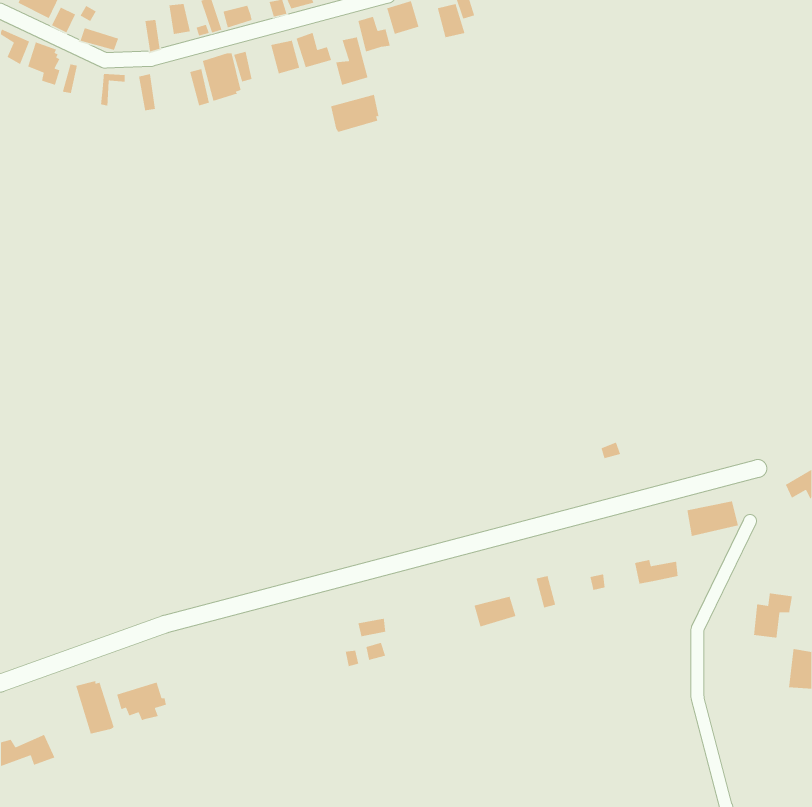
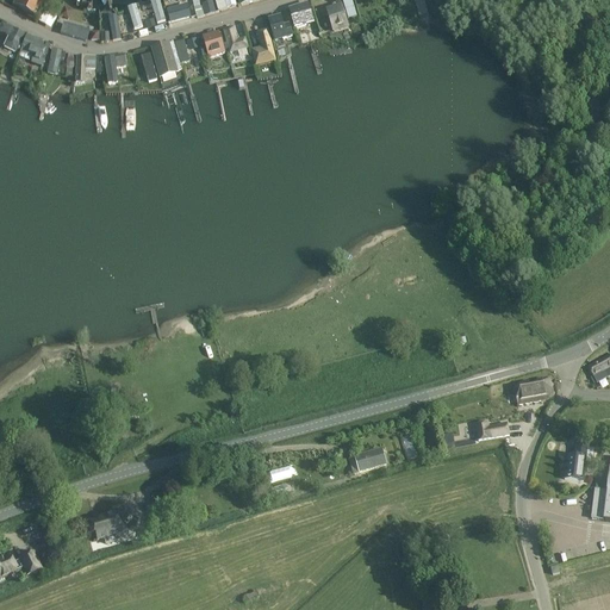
building: [330,94,380,133] -> none
building: [75,680,115,735] -> none

